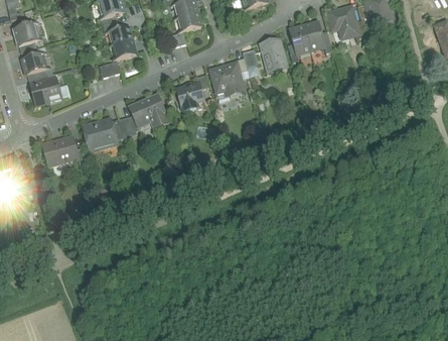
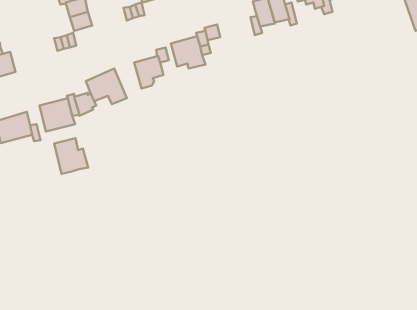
building: [261,38,285,69] -> none
building: none -> [54,138,88,174]

